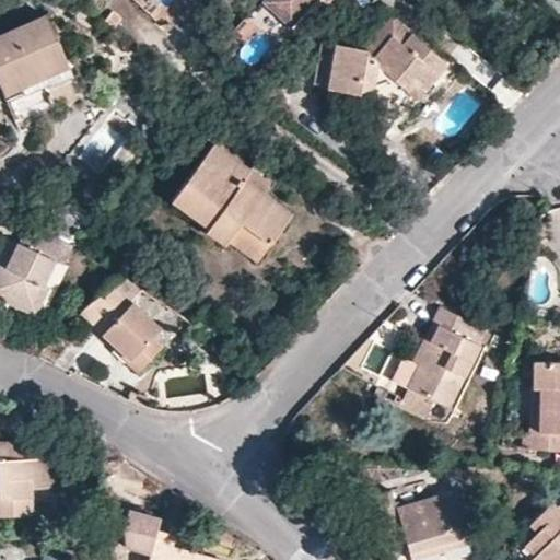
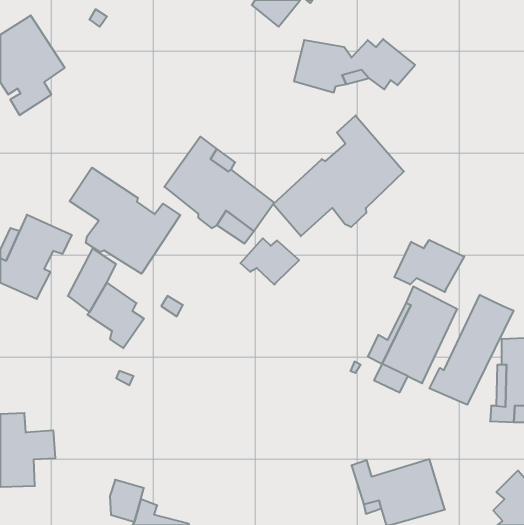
building: none -> [273,115,404,236]
building: none -> [70,168,180,274]
building: none -> [240,238,299,285]
building: none -> [394,240,464,292]
building: none -> [429,295,513,405]

